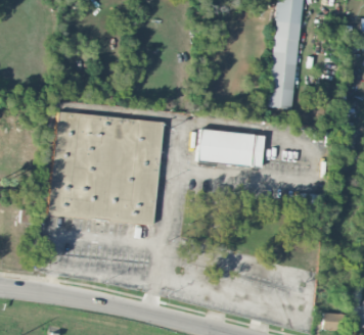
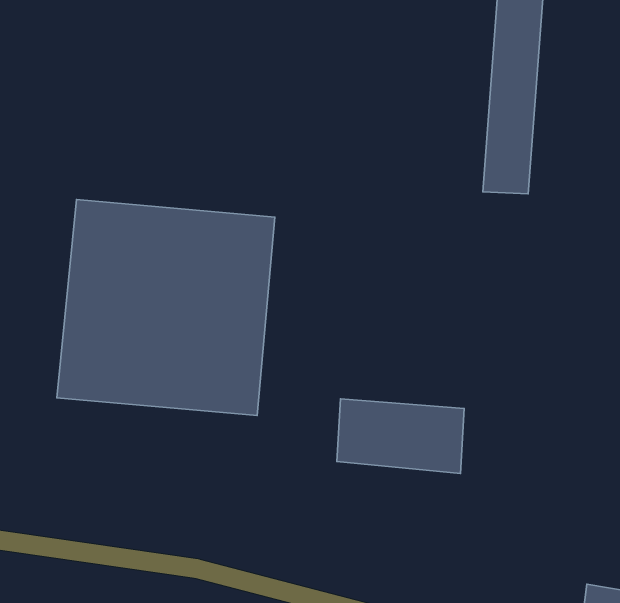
building: [197,129,264,168] -> [337,399,464,473]

